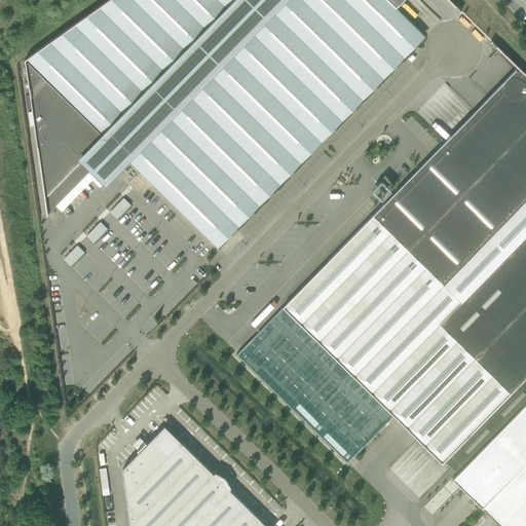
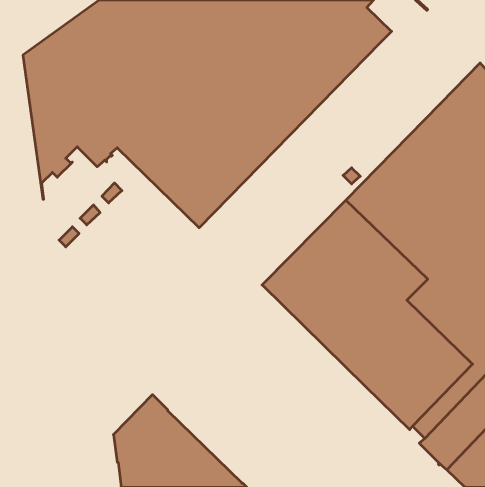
building: [238,307,396,463] -> none

